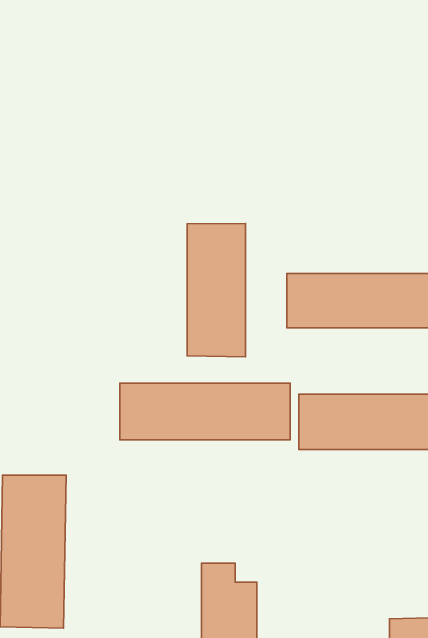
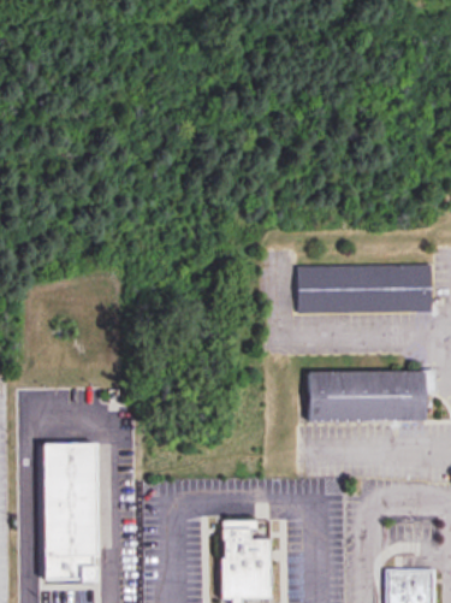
building: [187,224,245,357] -> none
building: [120,383,290,440] -> none

